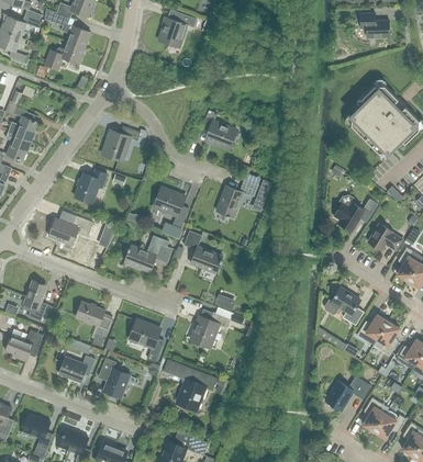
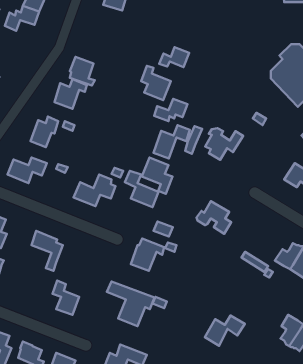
building: none -> [159,47,189,67]
building: none -> [70,57,95,85]
building: none -> [154,99,187,121]
building: [154,185,189,227] -> [142,158,172,194]
building: [334,194,378,230] -> [205,128,243,160]
building: [323,286,363,324] -> [197,201,231,234]
building: [130,318,164,361] -> none
building: [59,354,96,382] -> none
building: [325,375,371,410] -> [205,315,245,346]

